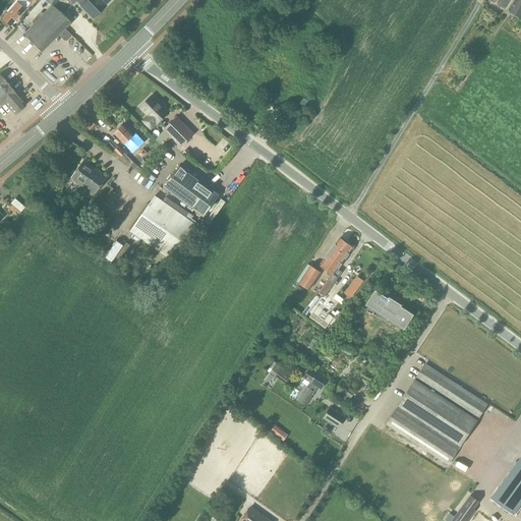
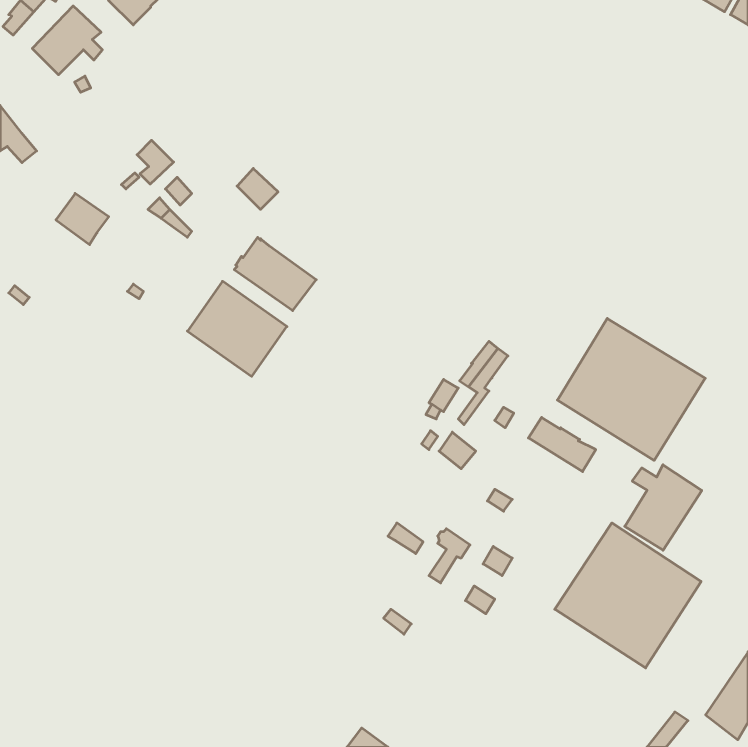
building: [141,97,167,127] -> [137,140,174,184]
building: [71,160,108,195] -> [56,193,109,245]
building: none -> [557,318,705,460]
building: none -> [625,465,702,550]

